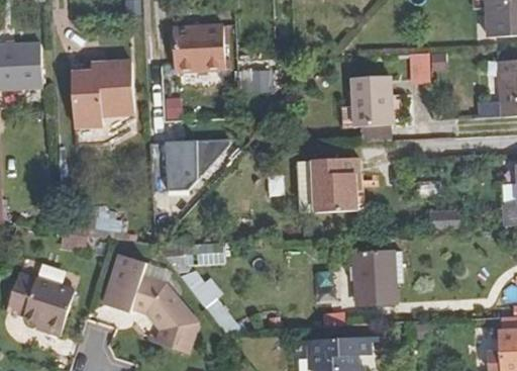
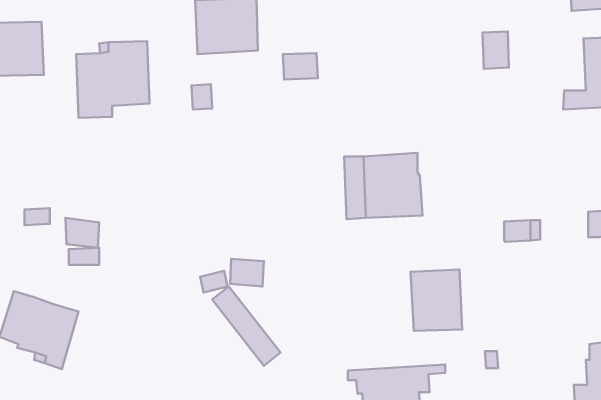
building: [349,74,389,125] -> none
building: [166,137,226,188] -> none
building: [103,254,197,354] -> none

